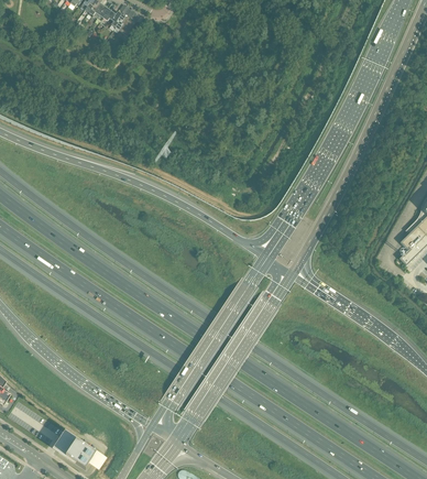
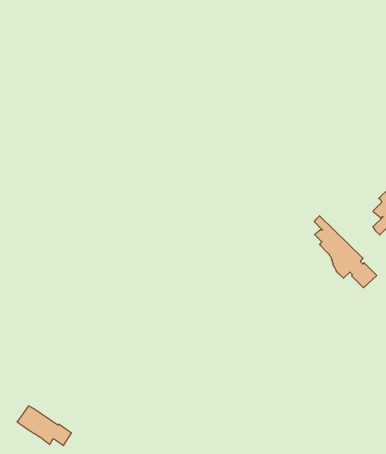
building: none -> [314,216,377,288]

